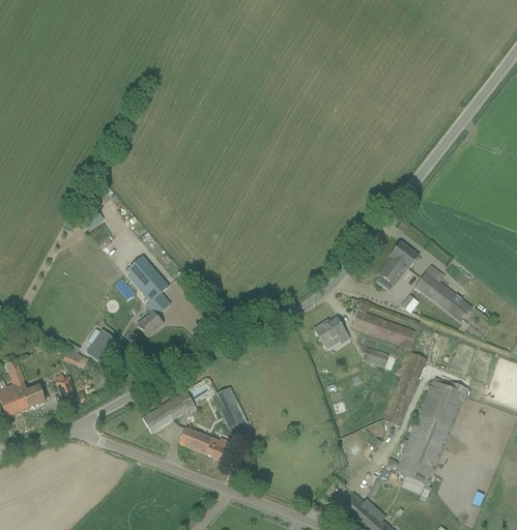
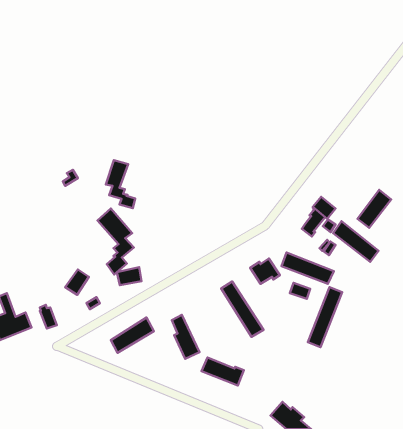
building: none -> [106,160,135,208]
building: none -> [357,190,391,228]
building: none -> [117,267,141,285]
building: none -> [221,282,263,337]
building: [395,377,468,485] -> none
building: [179,426,231,461] -> [201,358,244,385]

